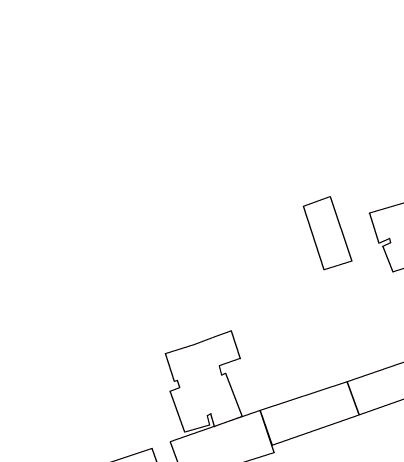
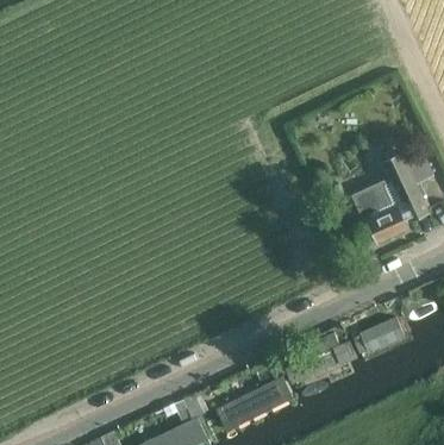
building: [303,197,352,270] -> none
building: [166,331,242,432] -> none

